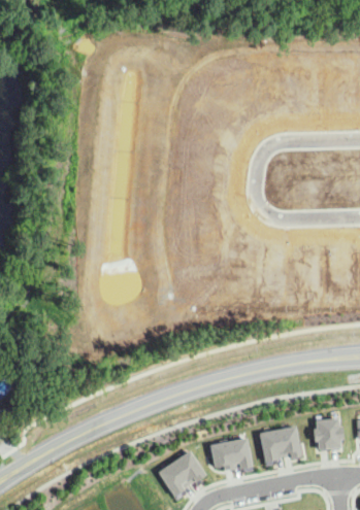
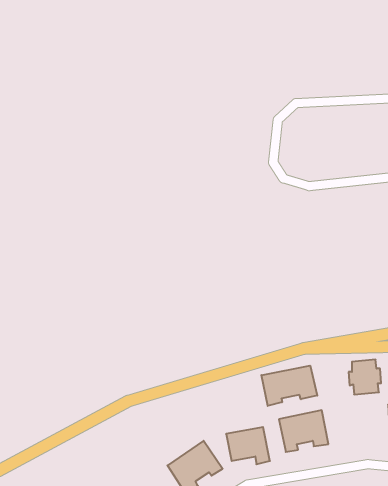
building: none -> [261,366,317,406]
building: [314,416,343,448] -> [349,360,381,394]

